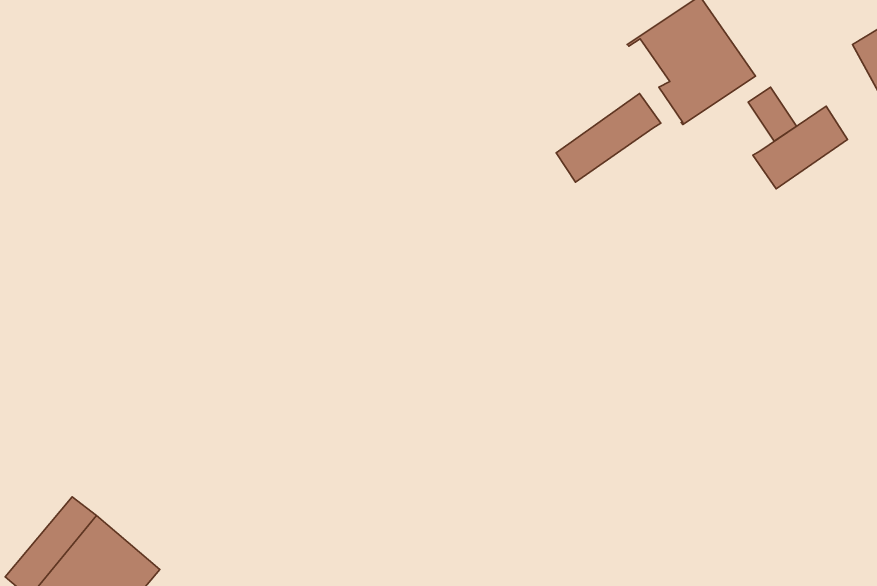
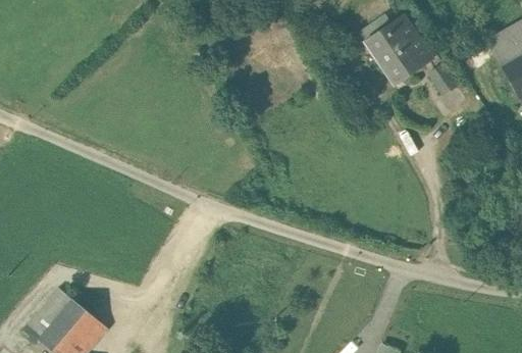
building: [556,93,661,182] -> none
building: [753,106,847,189] -> none

